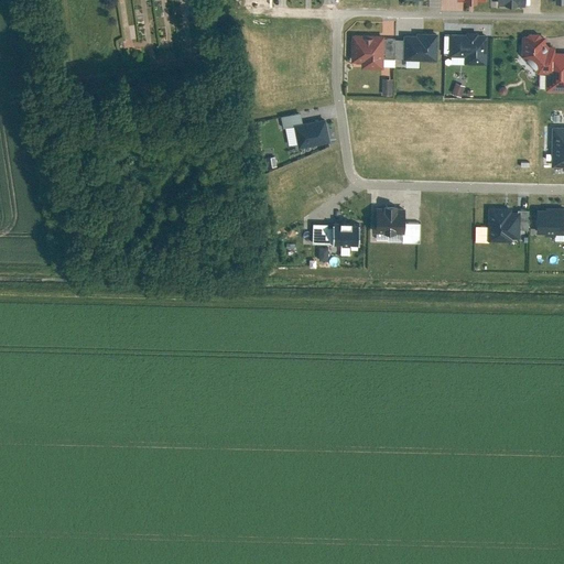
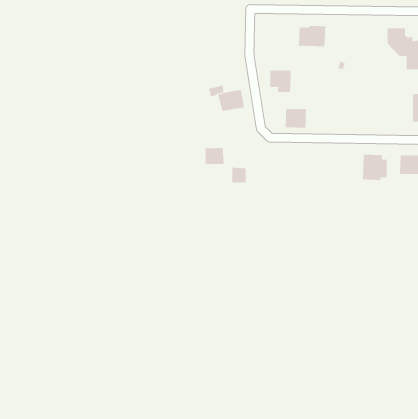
building: [452,33,489,61] -> none
building: [355,35,384,65] -> [269,70,292,92]
building: [378,207,408,234] -> [285,109,307,128]
building: [333,225,359,248] -> [205,147,224,165]

